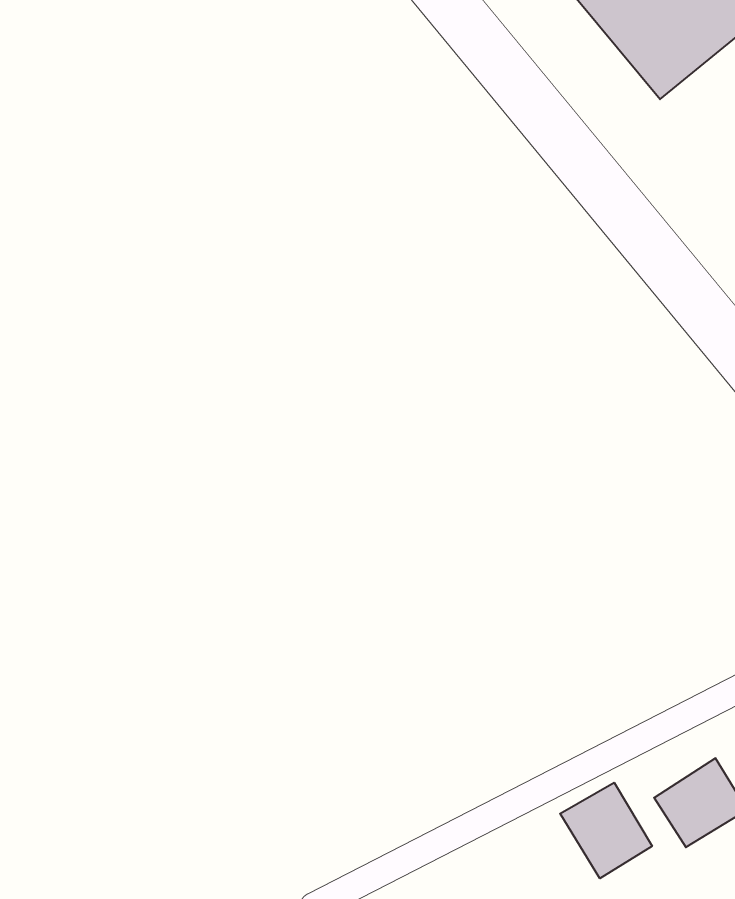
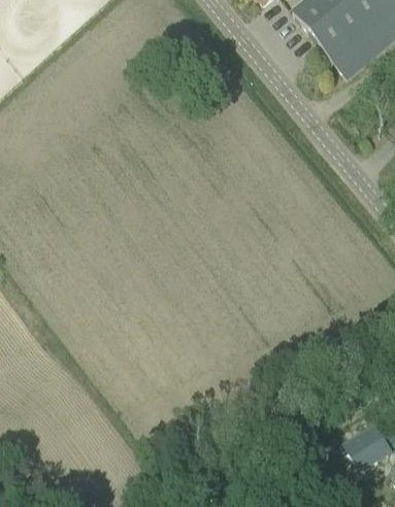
building: [560,783,652,878] -> none

